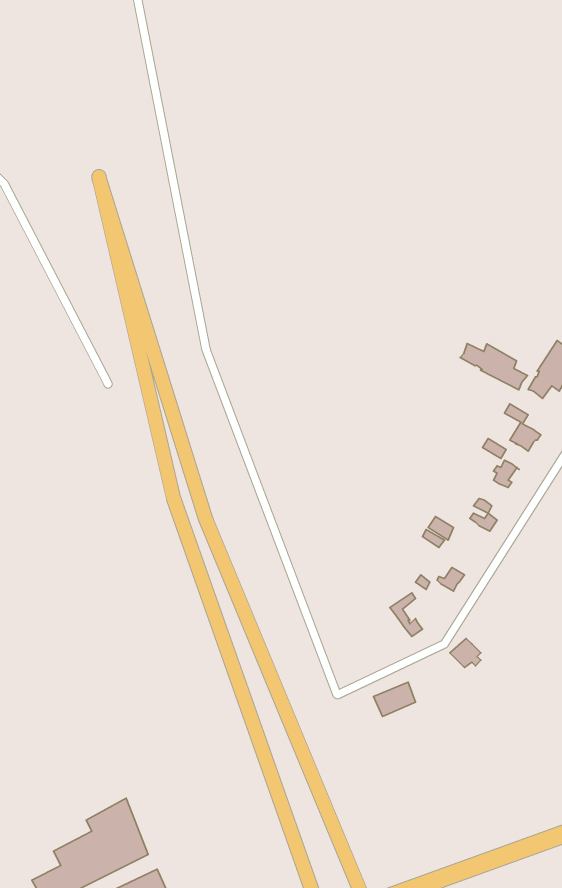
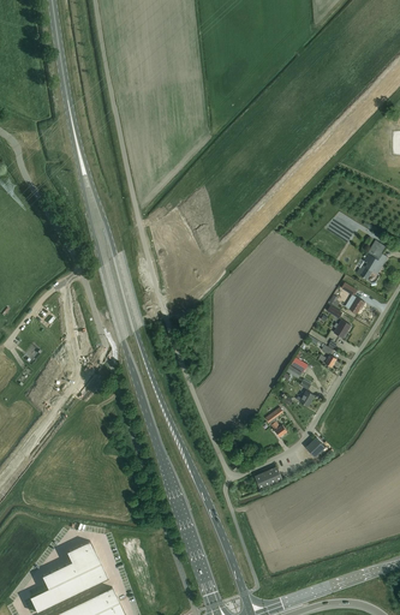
building: [460,344,527,390] -> none

